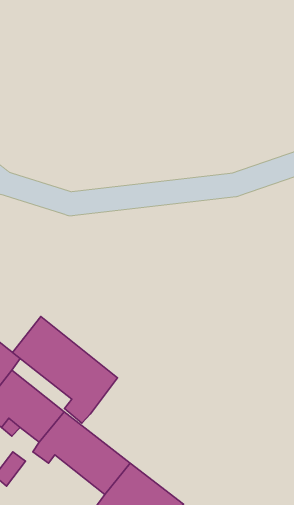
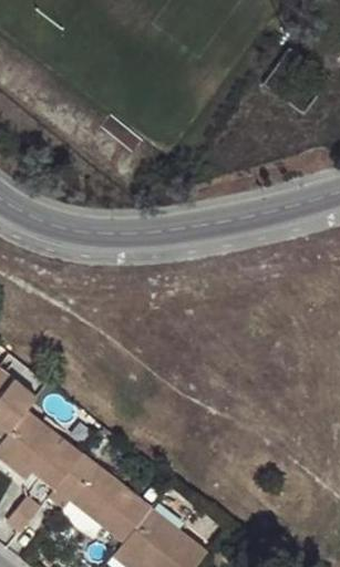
building: [13,316,118,423] -> none

